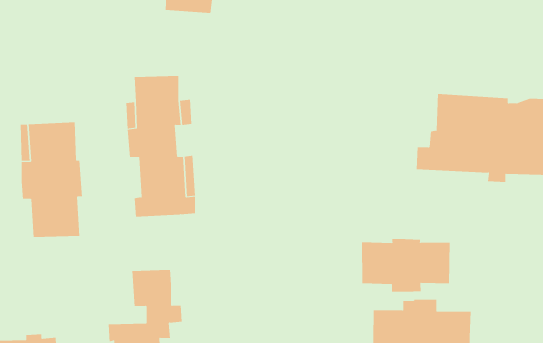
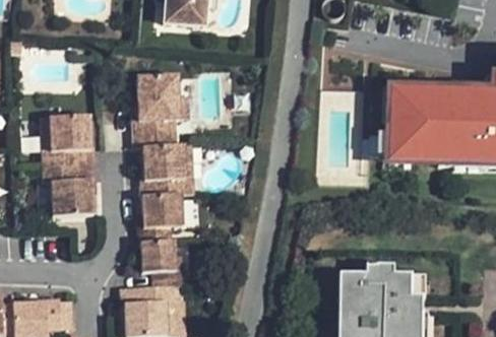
building: none -> [136,193,181,241]
building: [361,238,450,293] -> none

